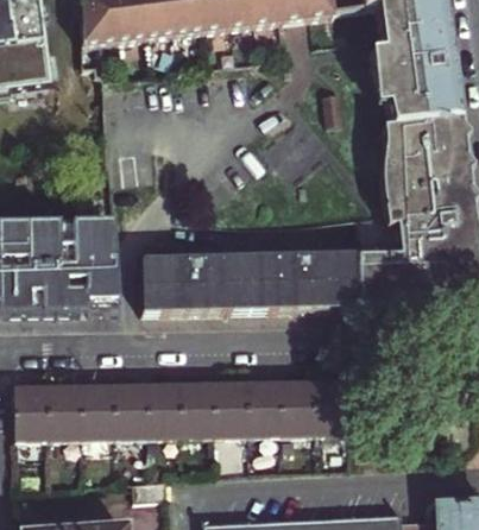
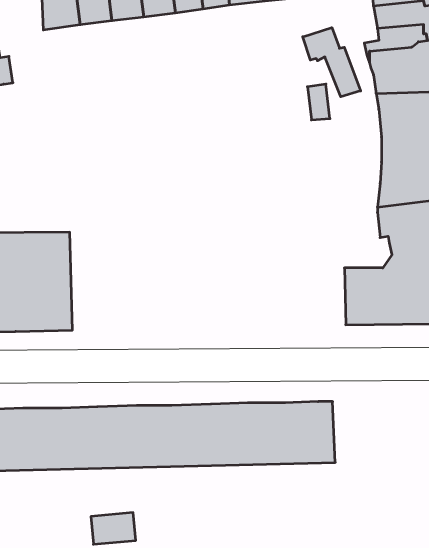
building: none -> [303,28,361,97]
building: [140,258,358,314] -> none

